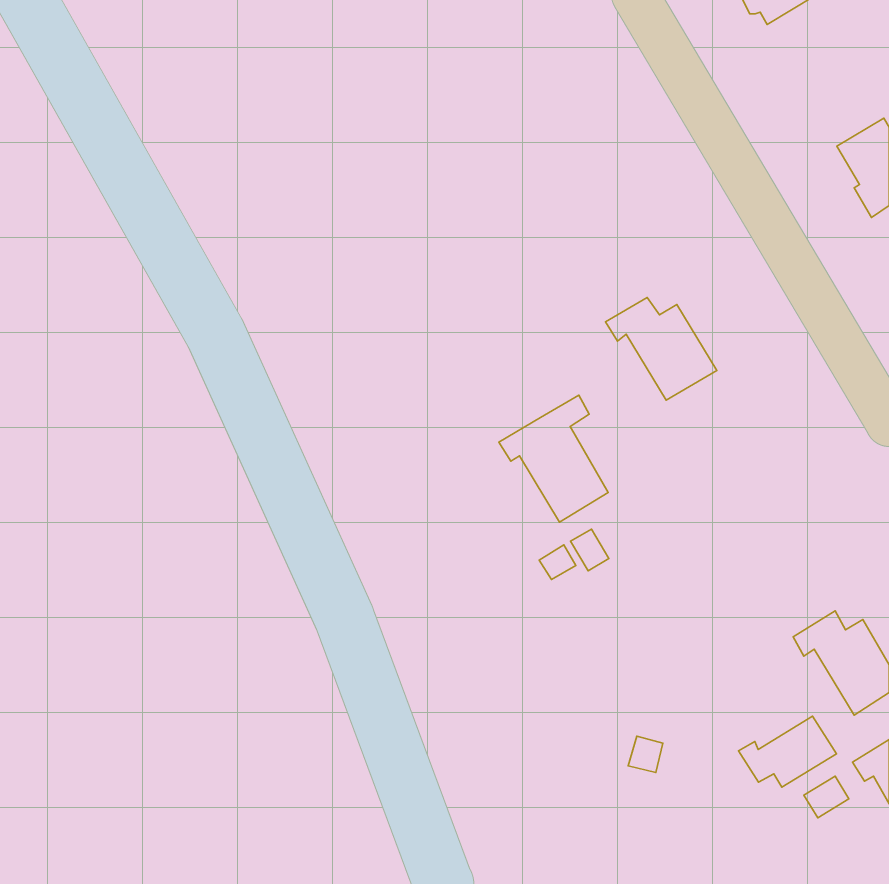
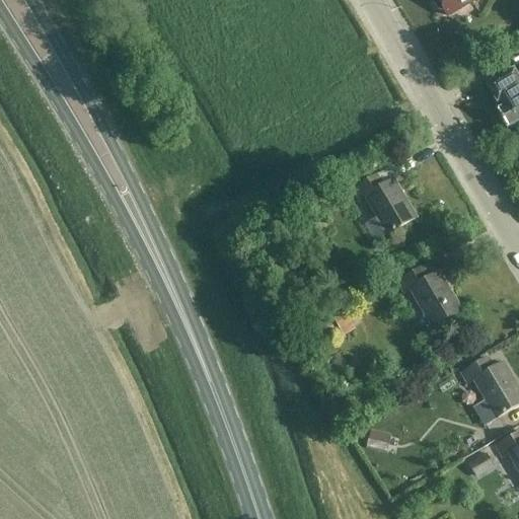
building: [499,395,608,522] -> [398,252,462,326]
building: [739,716,836,787] -> none

